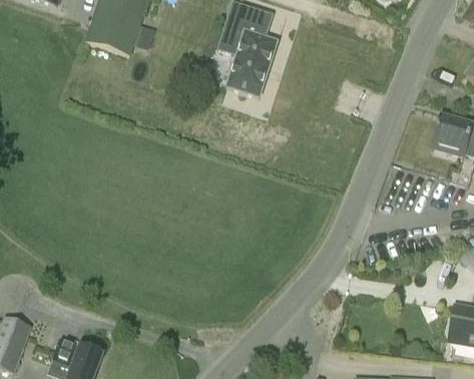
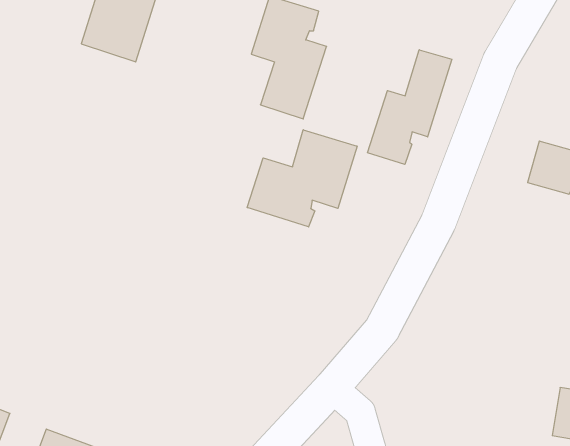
building: none -> [368,50,452,164]
building: none -> [247,130,357,227]

